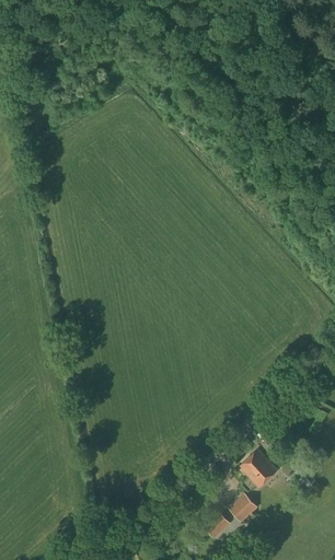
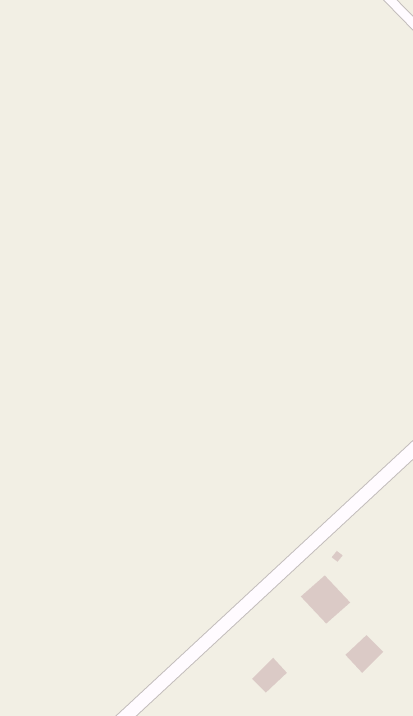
building: [228,493,257,523] -> [344,634,384,674]

